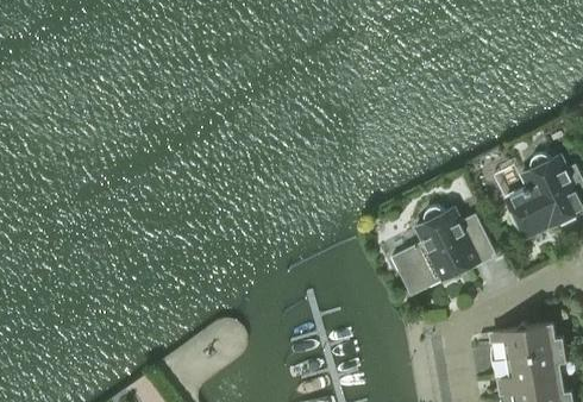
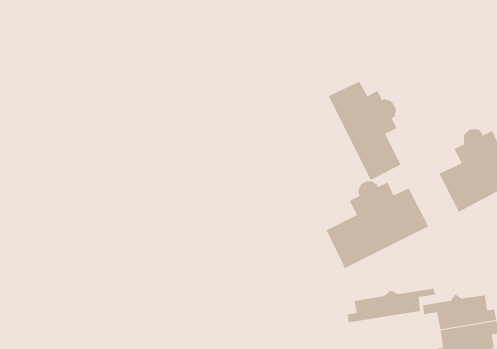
building: none -> [328,81,401,181]
building: none -> [347,288,435,323]

